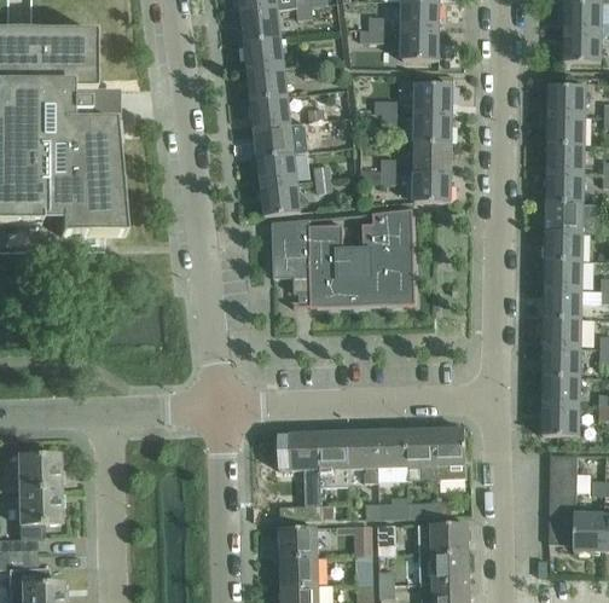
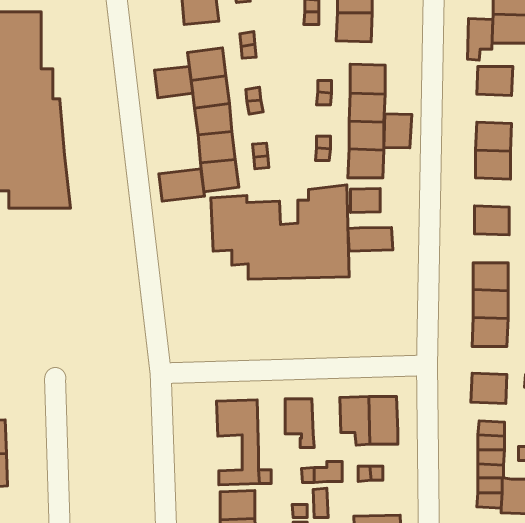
building: none -> [467,18,493,60]
building: [243,37,283,70] -> [154,67,193,98]
building: [547,114,584,144] -> none
building: none -> [384,114,412,148]
building: none -> [159,169,204,201]
building: [545,201,582,231] -> none
building: none -> [350,189,380,212]
building: none -> [348,227,393,251]
building: [544,259,581,289] -> none
building: [543,376,579,405] -> none
building: [376,429,406,466] -> none
building: [319,430,349,486] -> none
building: [418,522,468,552] -> none

